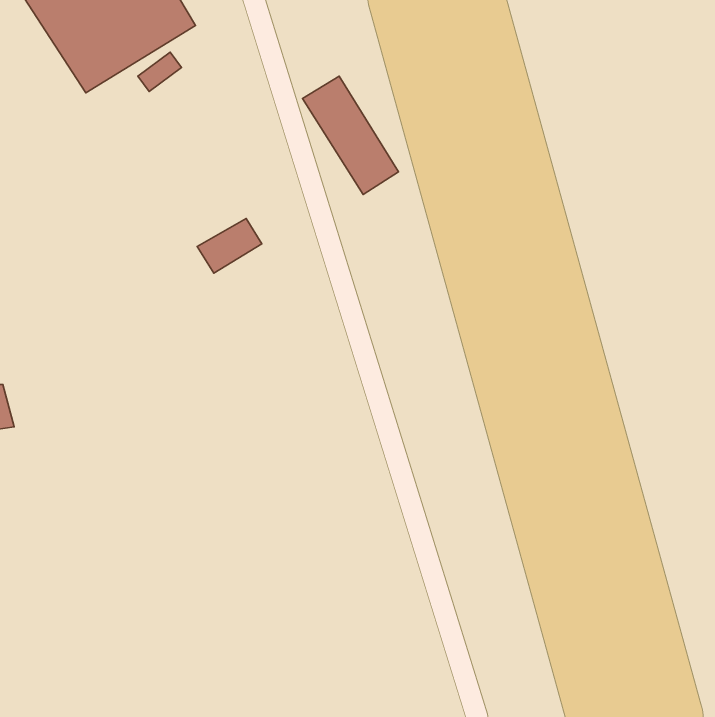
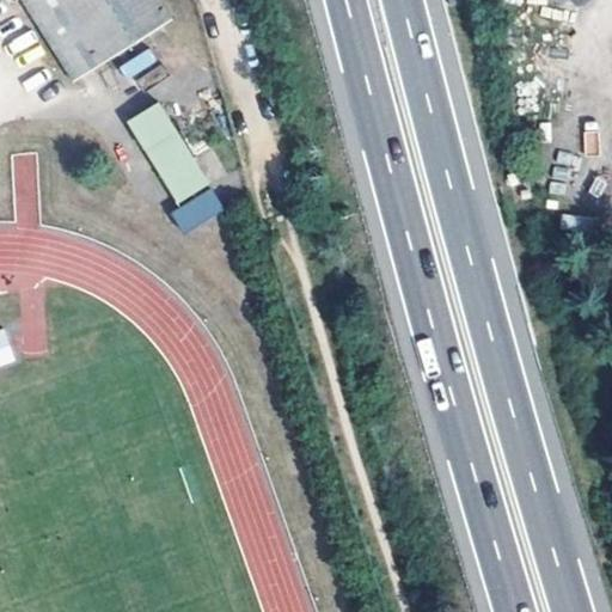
building: [303,76,398,194] -> [124,99,206,200]

